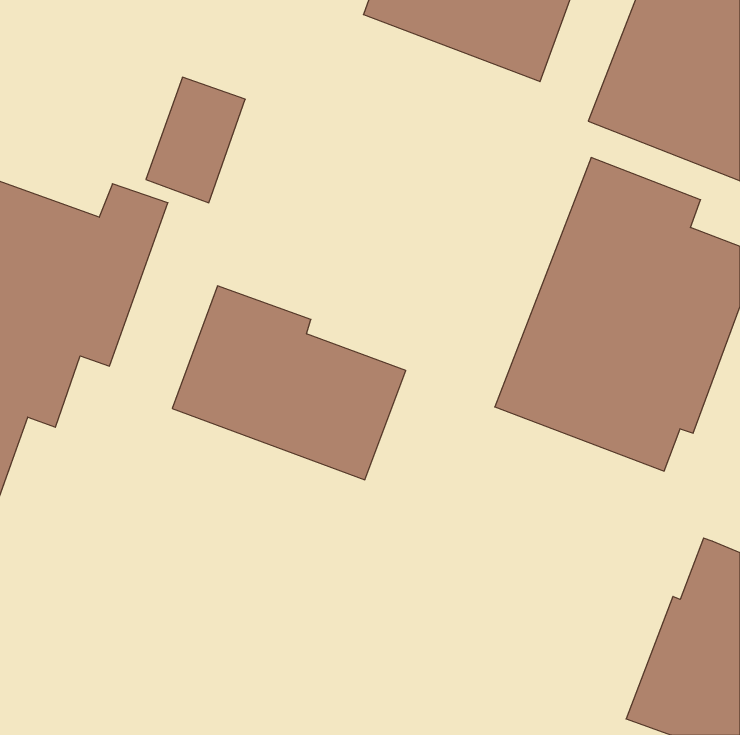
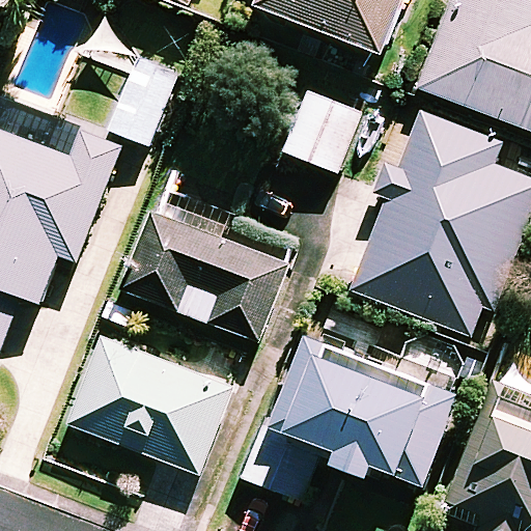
building: none -> [284,89,361,171]
building: none -> [69,336,233,474]
building: none -> [244,336,458,499]

